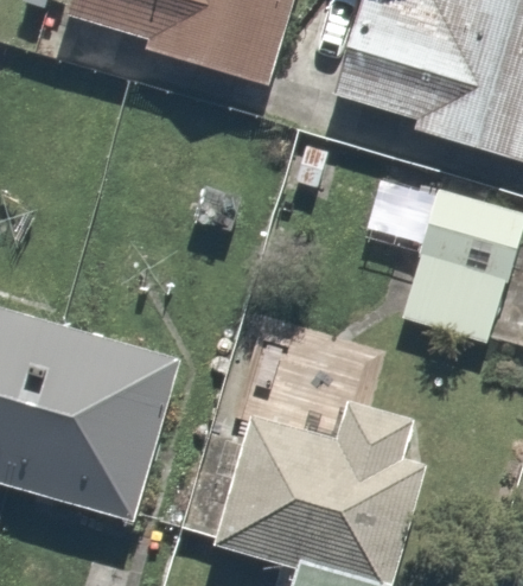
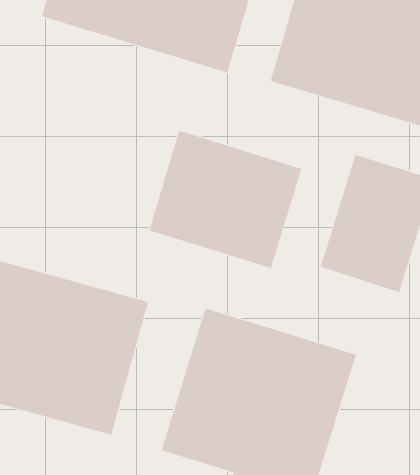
building: none -> [149,130,302,269]

